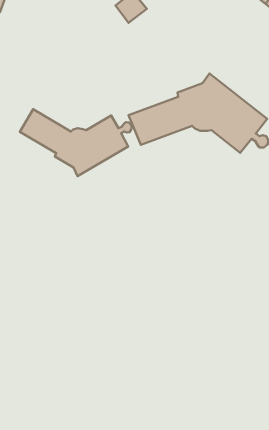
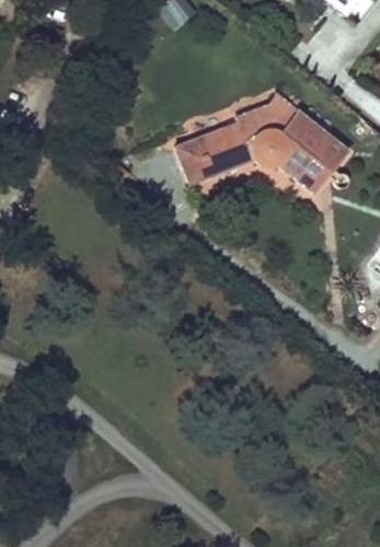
building: [20,109,132,176] -> none

